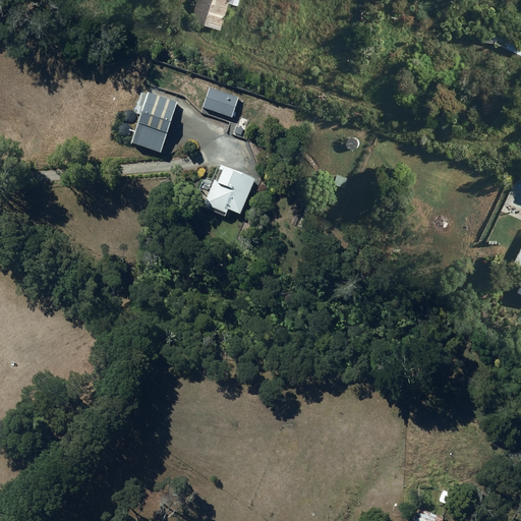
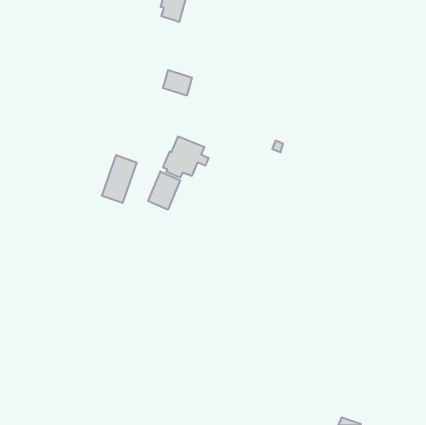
building: [137,91,180,149] -> [102,155,137,203]
building: none -> [148,171,180,210]

